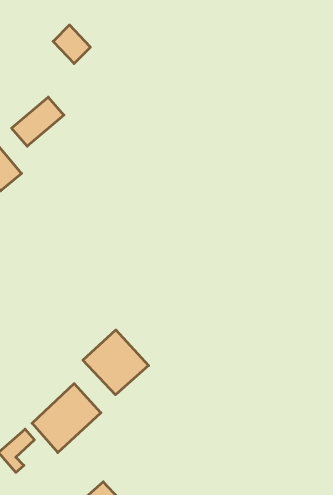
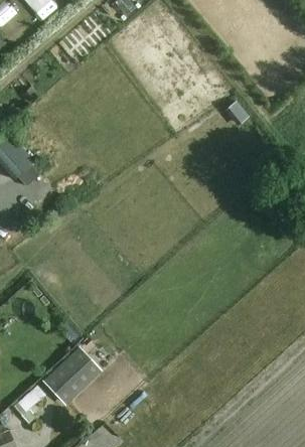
building: [12,97,64,146] -> none
building: [83,330,149,395] -> none

